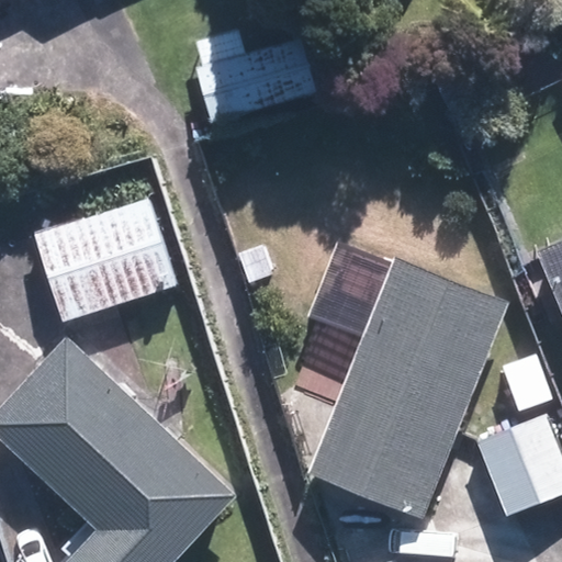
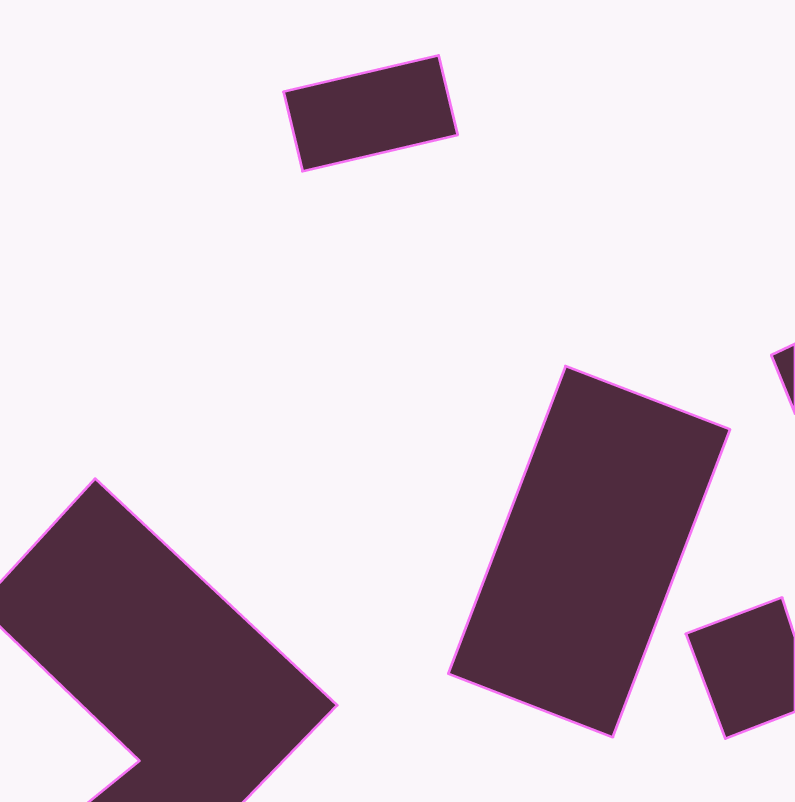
building: [23,168,172,319] -> none

